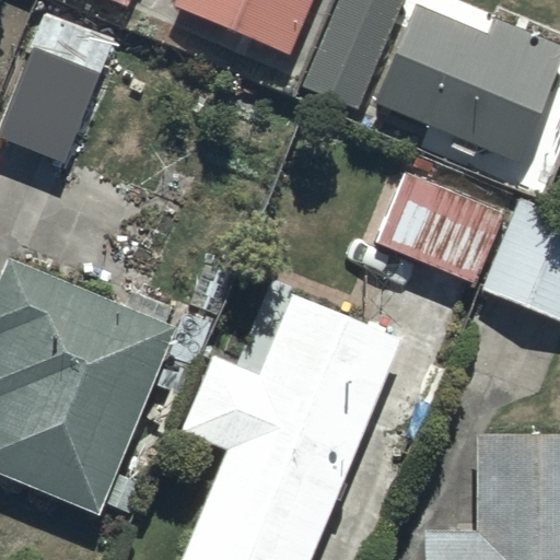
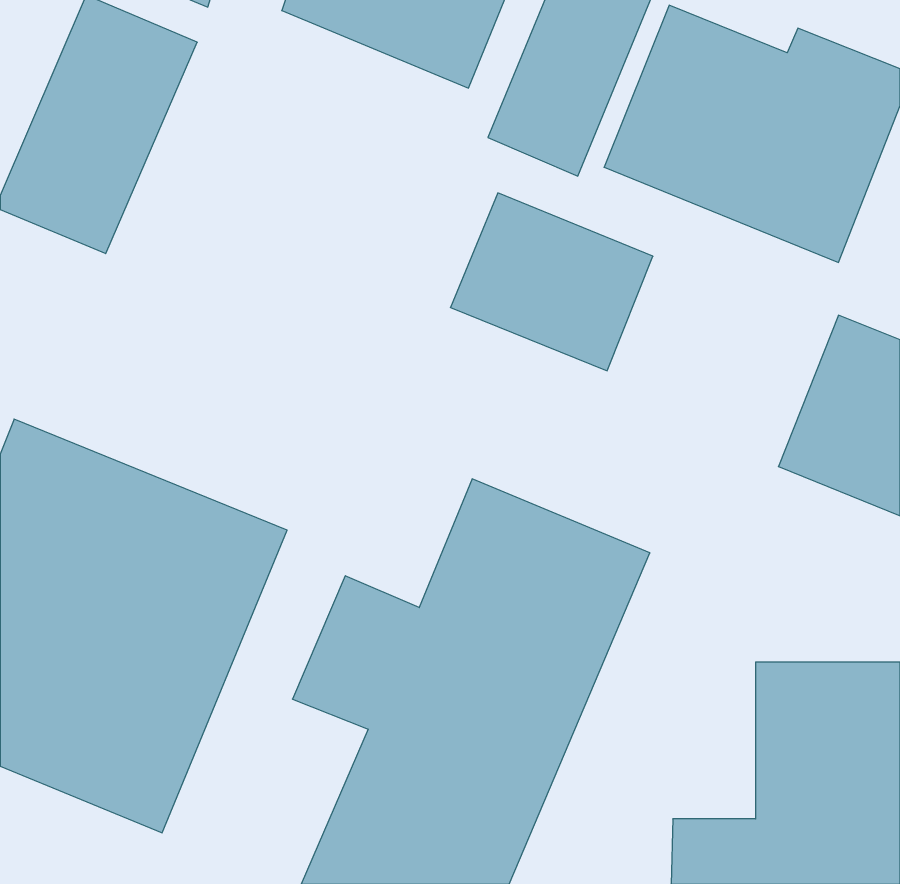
building: [378,174,504,284] -> [450,193,653,371]

